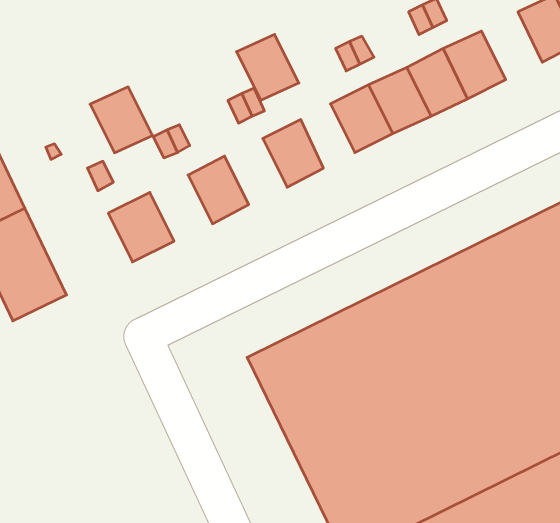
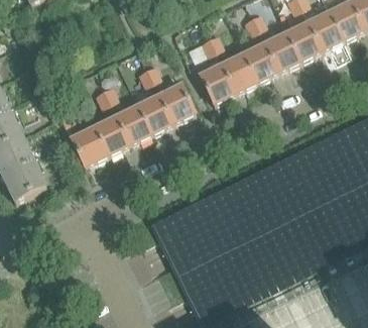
building: none -> [287,22,323,62]
building: [236,34,299,100] -> [138,96,174,134]
building: [90,87,153,153] -> [95,117,131,155]

